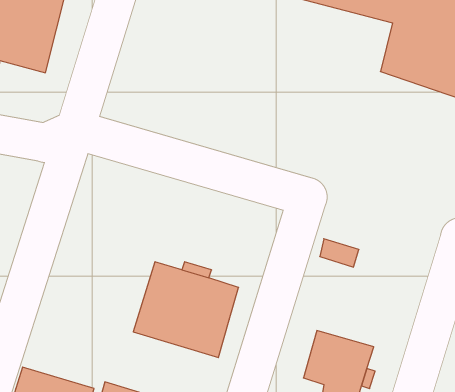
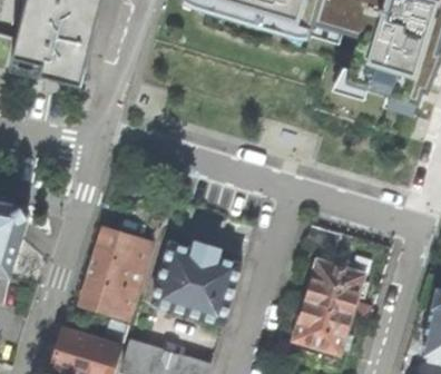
building: none -> [78,229,148,317]
building: none -> [303,260,369,314]

